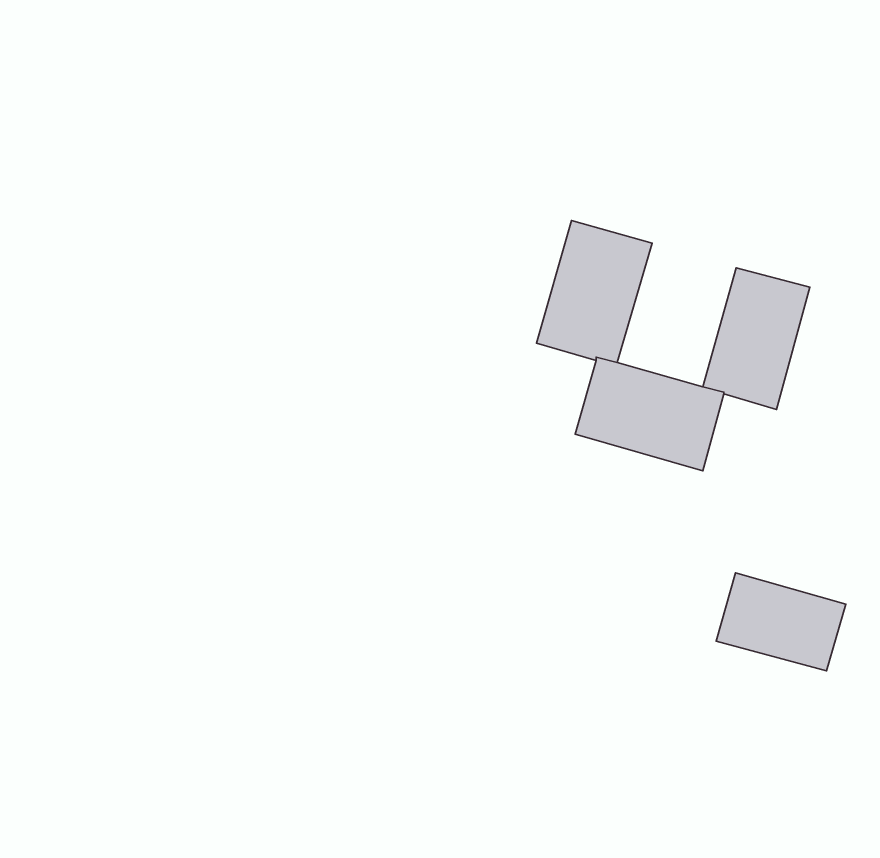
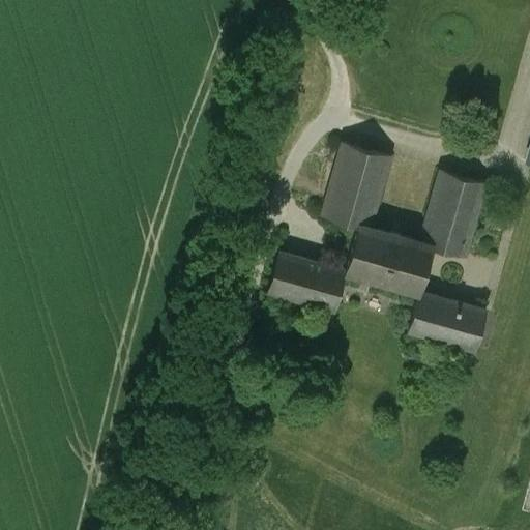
building: none -> [268,254,346,312]
building: [716,573,846,671] -> [410,293,487,351]

